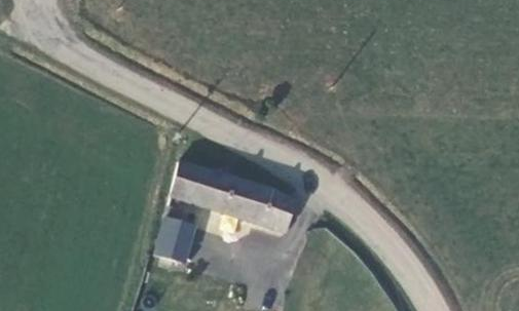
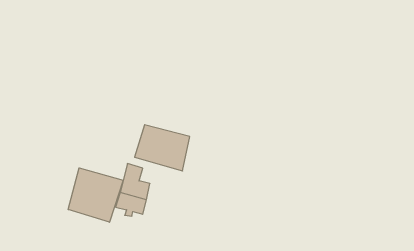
building: [228,177,295,231] -> none
building: none -> [68,168,123,222]

